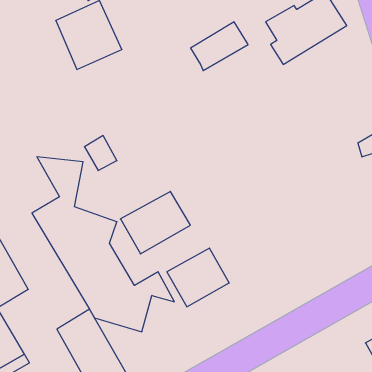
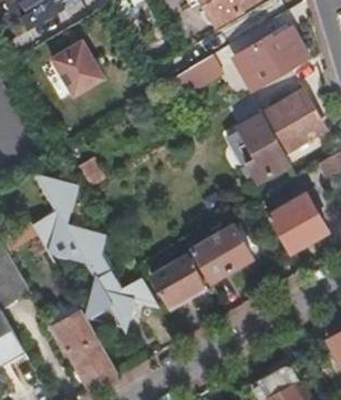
building: none -> [237,91,323,182]
building: none -> [270,196,328,253]
building: [120,191,190,254] -> [192,225,254,280]

